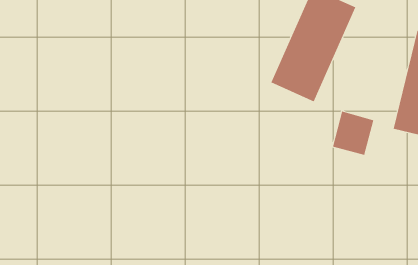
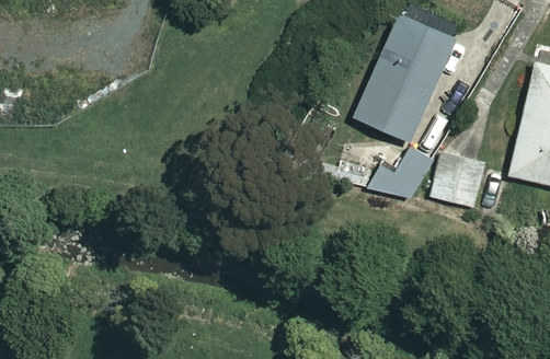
building: none -> [370,150,428,201]

